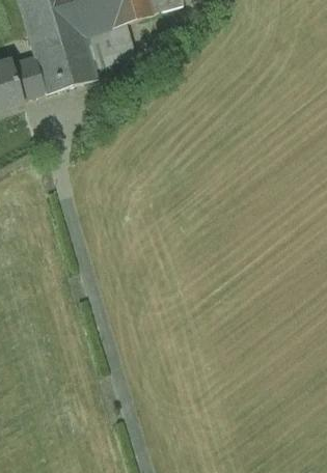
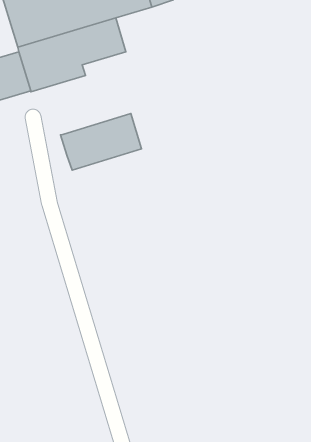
building: none -> [60,114,141,170]

